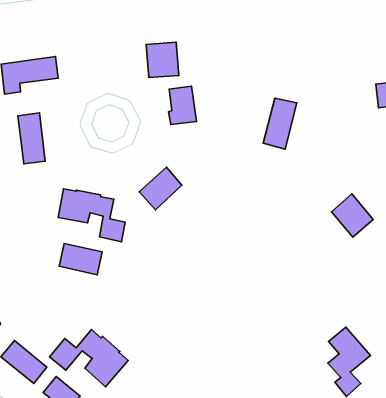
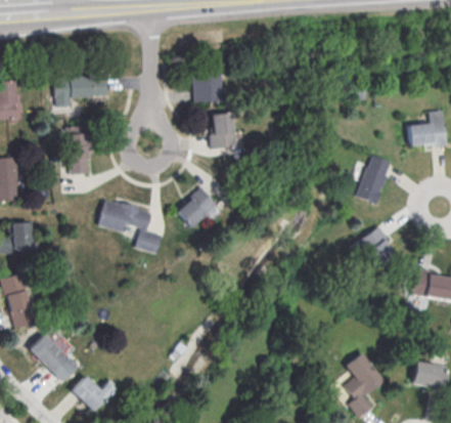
building: [263,98,297,149] -> [357,154,392,203]
building: [59,243,102,275] -> none
building: [49,330,128,387] -> none

